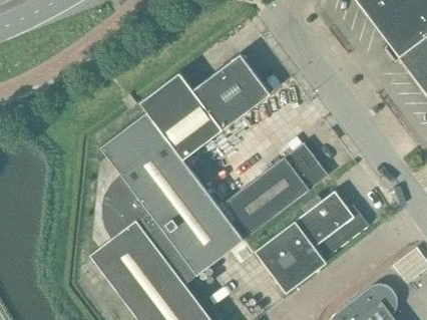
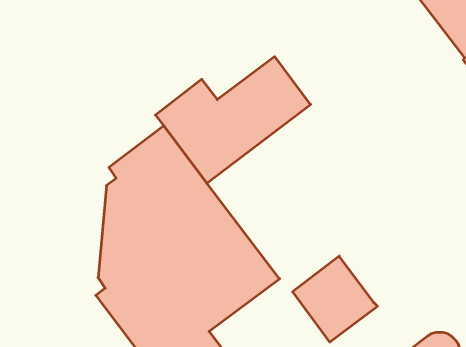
building: [226,142,329,235] -> none
building: [295,191,369,260] -> none

